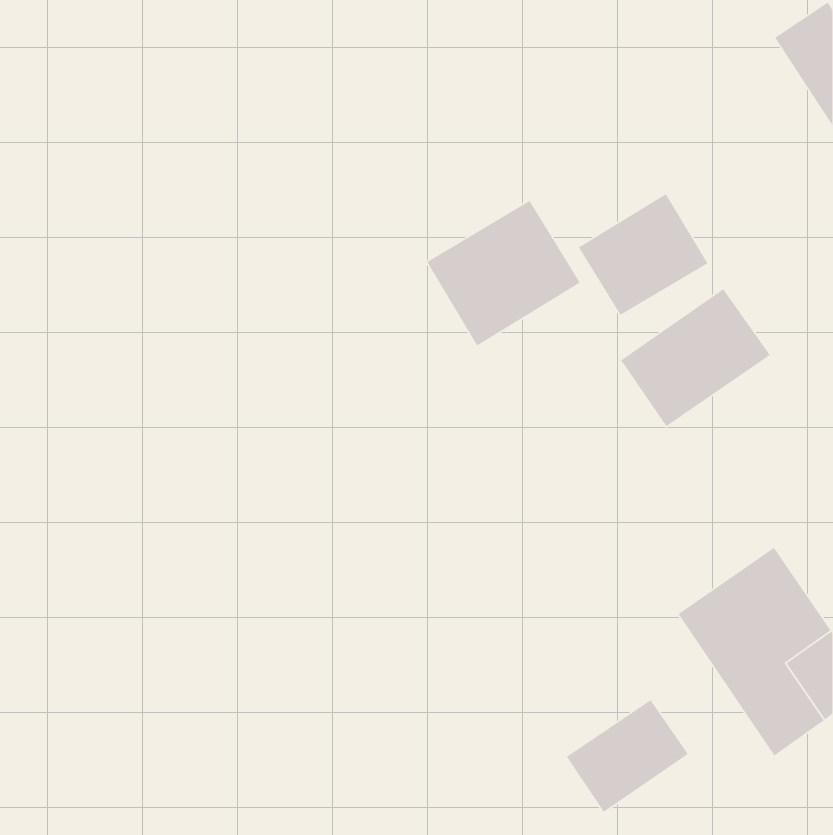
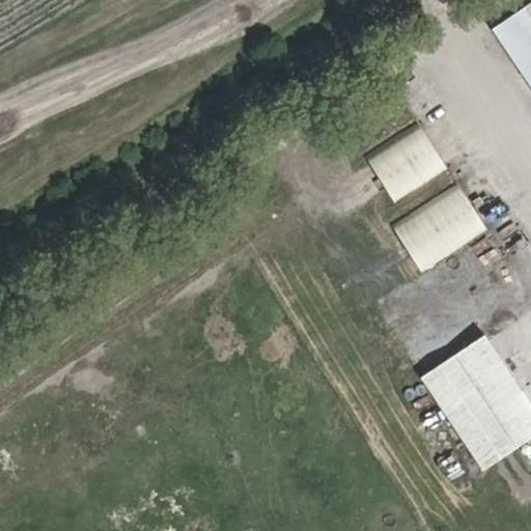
building: [426,200,581,347] -> none
building: [566,699,689,813] -> none

